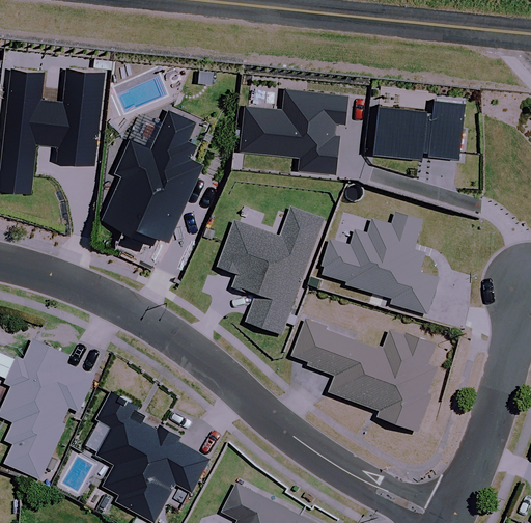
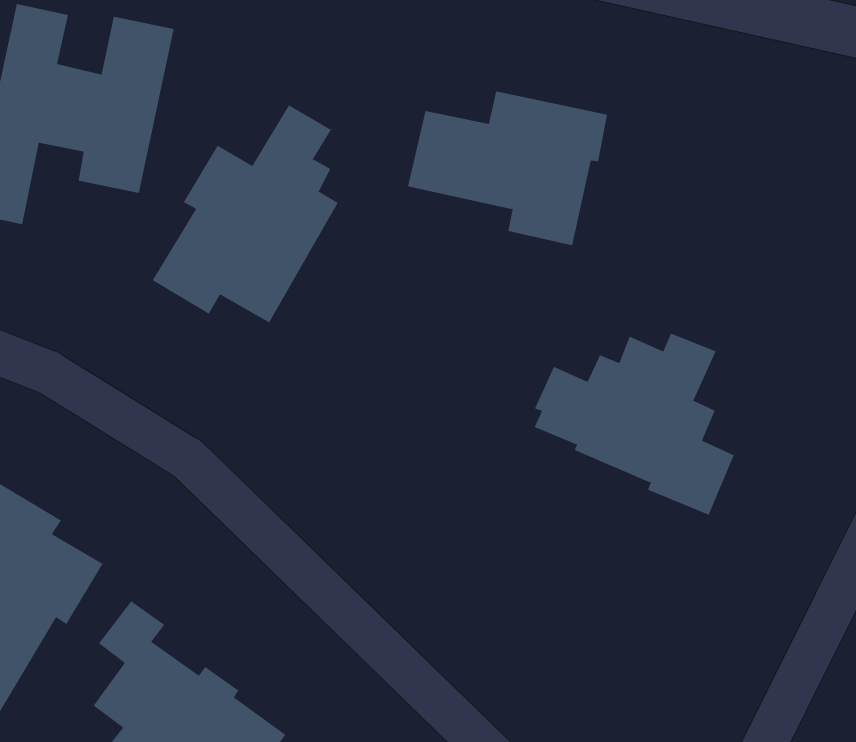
building: [375,99,464,156] -> none
building: [218,210,322,335] -> none
building: [292,319,437,429] -> none

